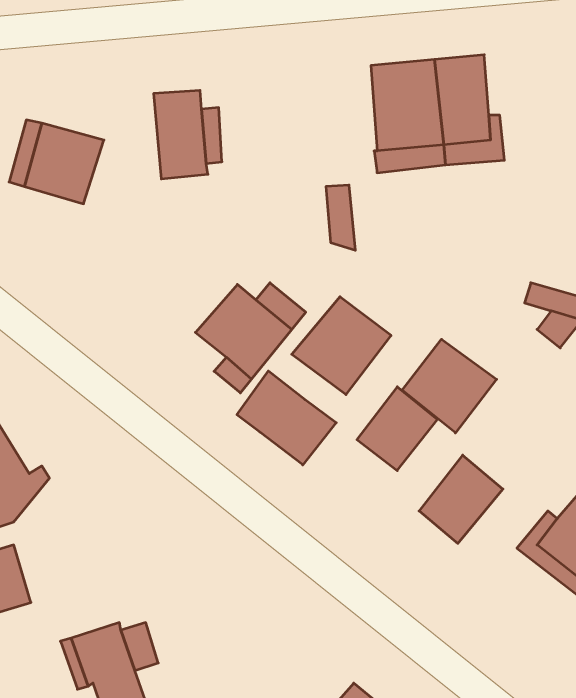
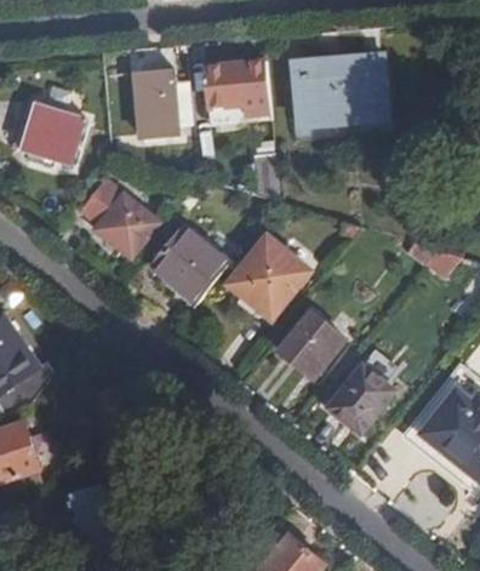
building: none -> [204,57,273,112]
building: none -> [84,181,160,257]
building: [402,339,497,433] -> none
building: [237,371,336,465] -> none

